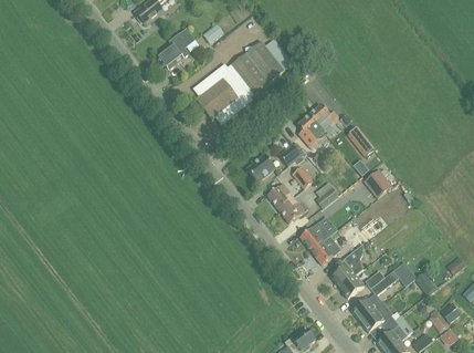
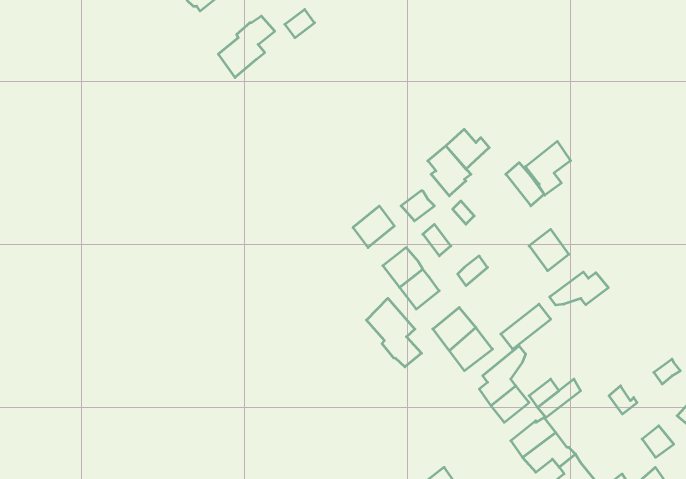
building: [194,41,284,124] -> none
building: none -> [526,141,571,195]
building: none -> [550,272,608,305]
building: none -> [366,298,422,367]

